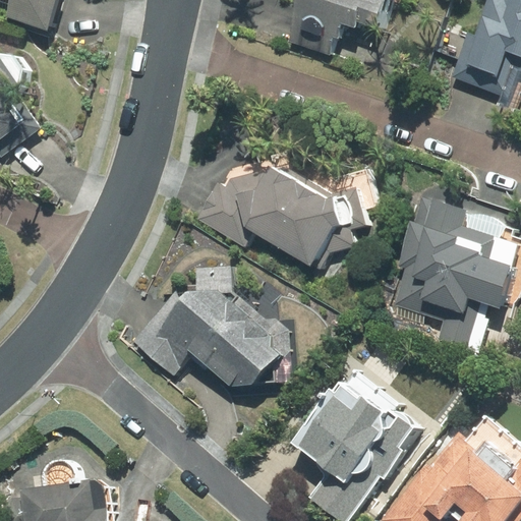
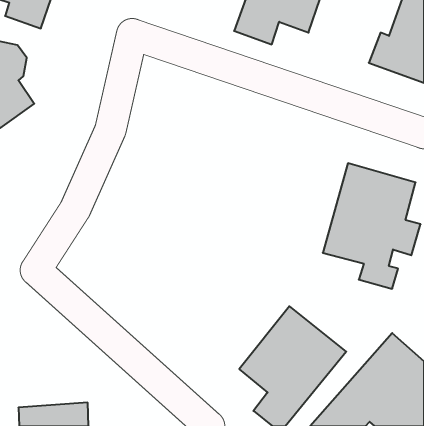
building: [194,170,356,269] -> none
building: [130,271,291,391] -> none

